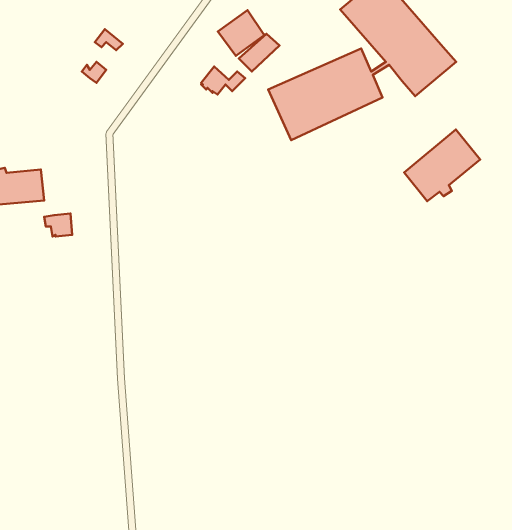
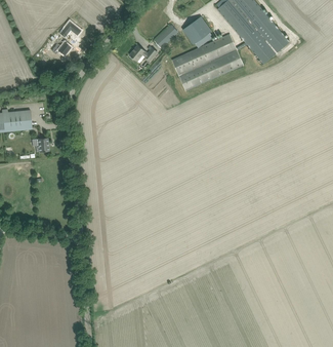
building: [218,10,265,56] -> [181,15,211,44]
building: [404,129,480,201] -> none

